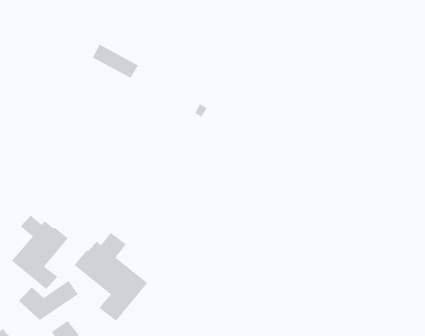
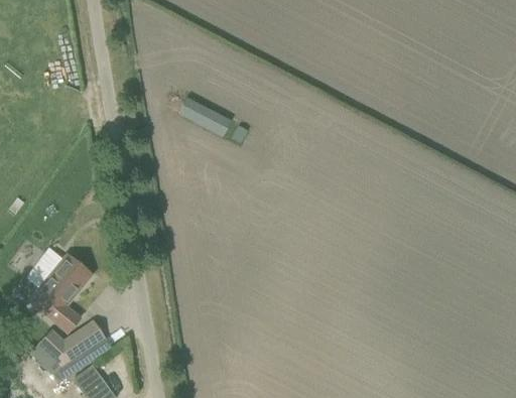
building: [92,43,139,79] -> [178,98,231,137]
building: [74,232,148,322] -> none

